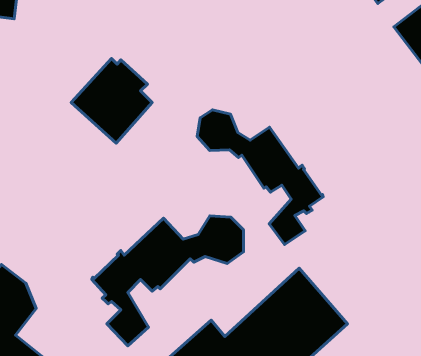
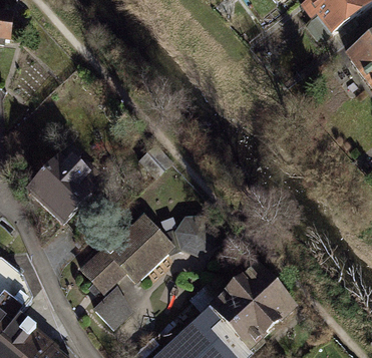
building: [71,59,152,143] -> [24,152,94,226]
building: [197,110,323,245] -> none

